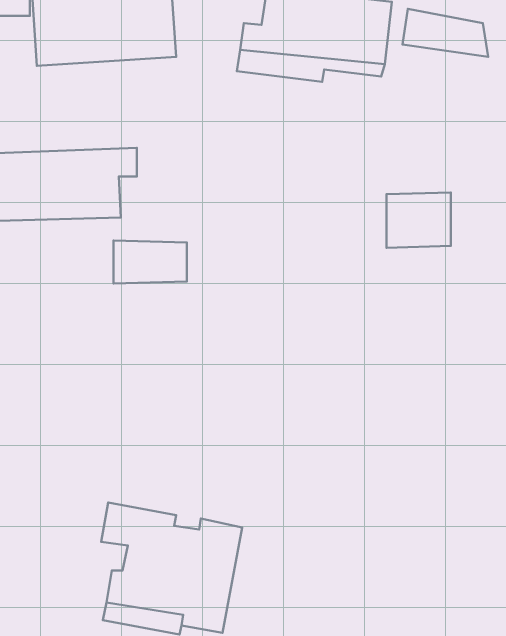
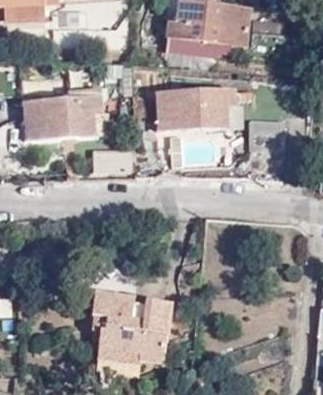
building: none -> [155,92,237,130]

